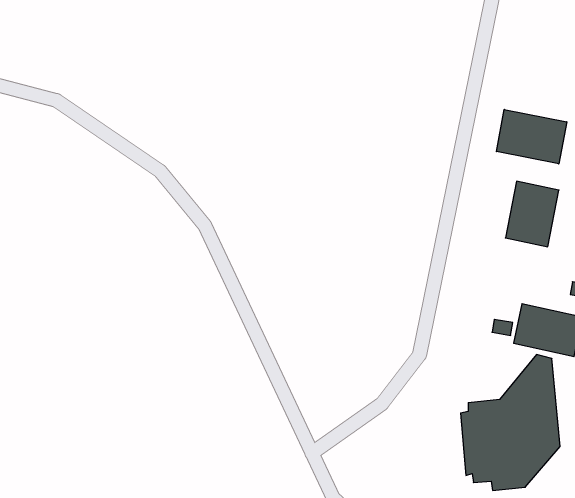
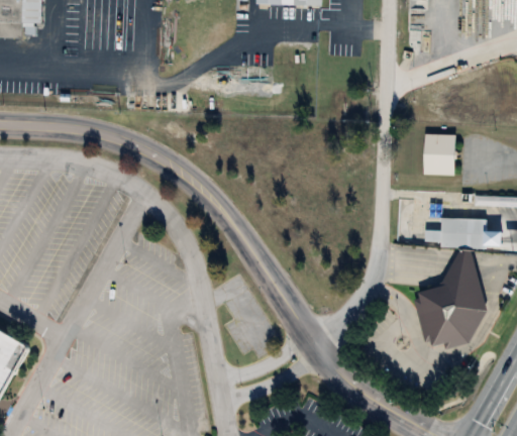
building: [496,109,567,164] -> none

